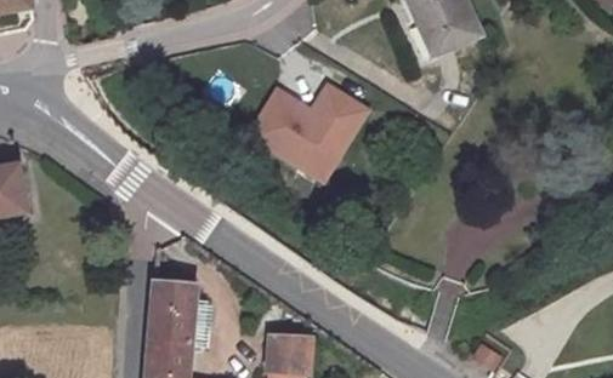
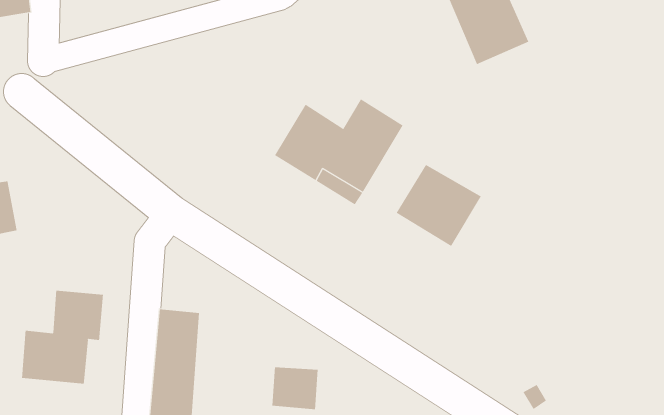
building: none -> [396,164,482,247]
building: none -> [21,290,104,384]

